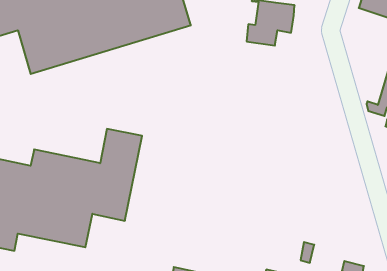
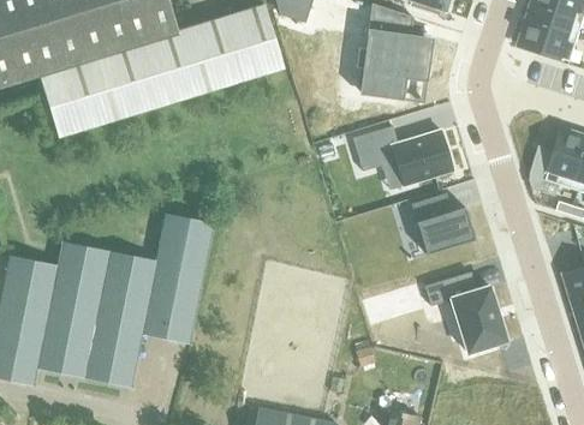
building: none -> [352,124,453,185]
building: none -> [411,193,476,255]
building: none -> [424,273,507,353]

